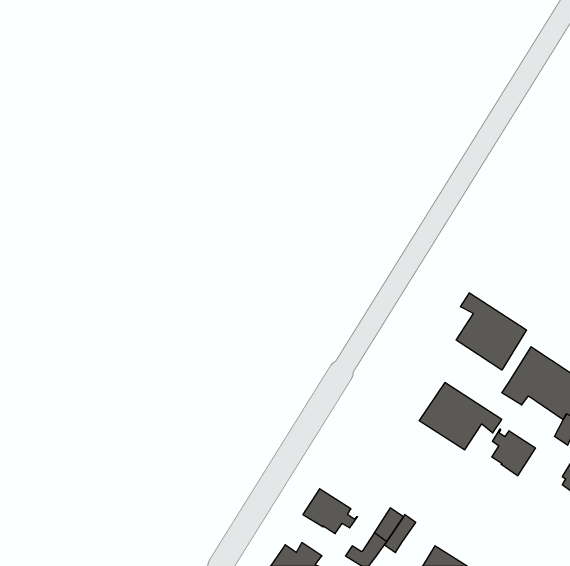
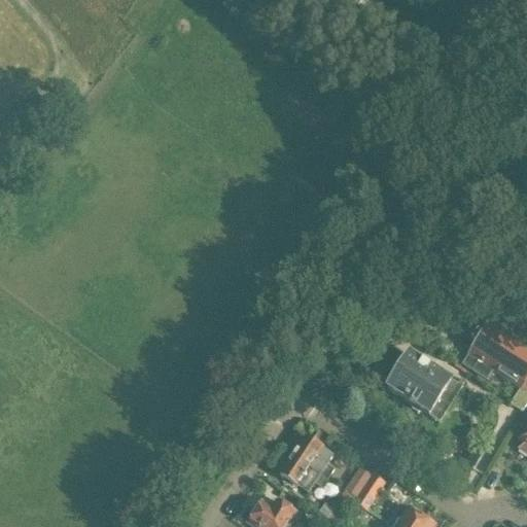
building: [456,293,527,370] -> none
building: [492,429,535,476] -> none
building: none -> [295,433,336,478]

